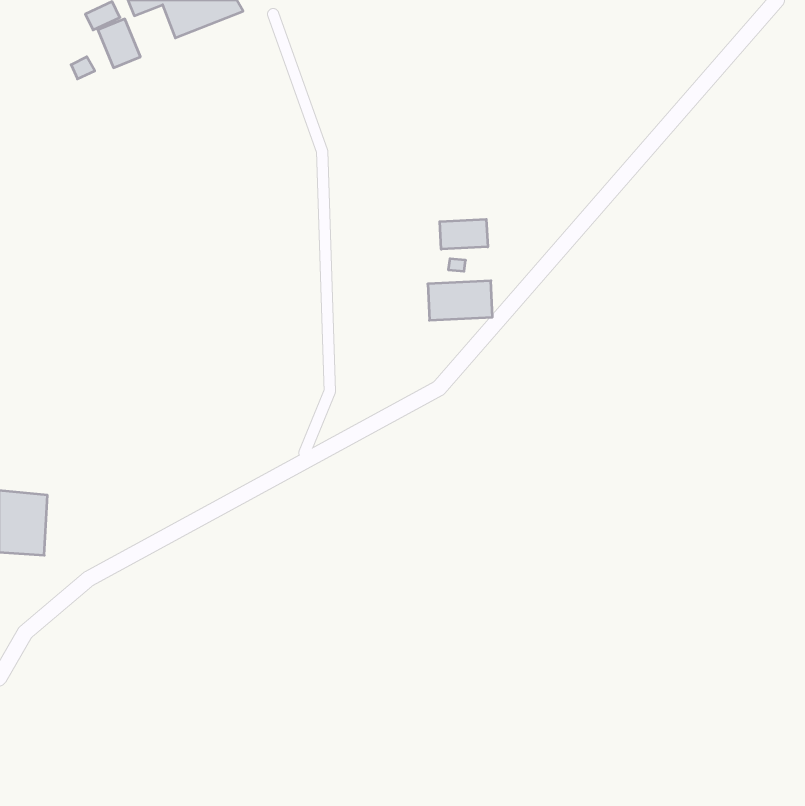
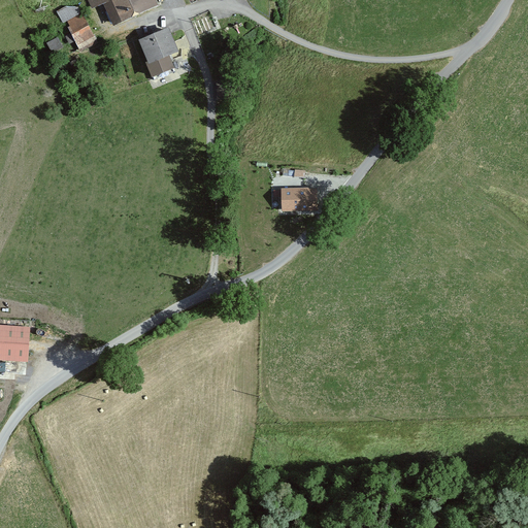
building: none -> [135,26,177,78]
building: [440,219,488,249] -> none

